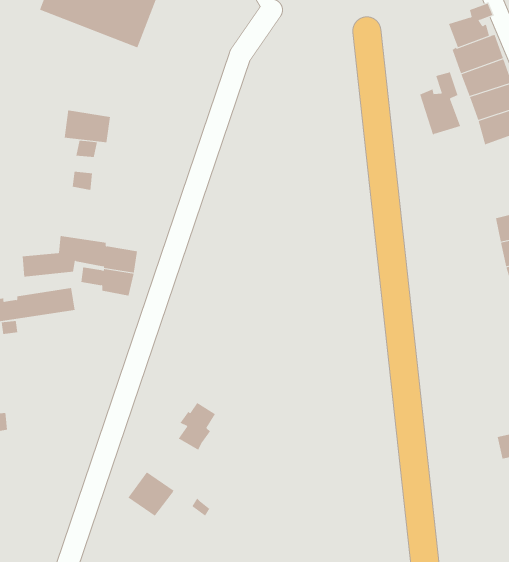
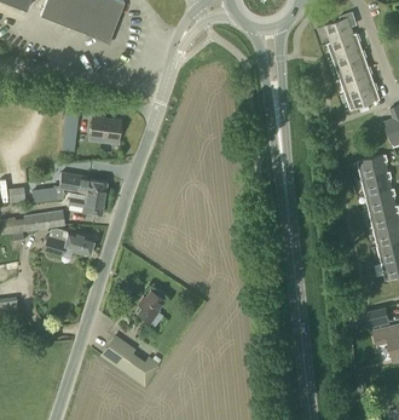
building: [420,72,461,136] -> none
building: [64,110,111,143] -> [88,116,121,139]
building: none -> [44,228,93,253]

